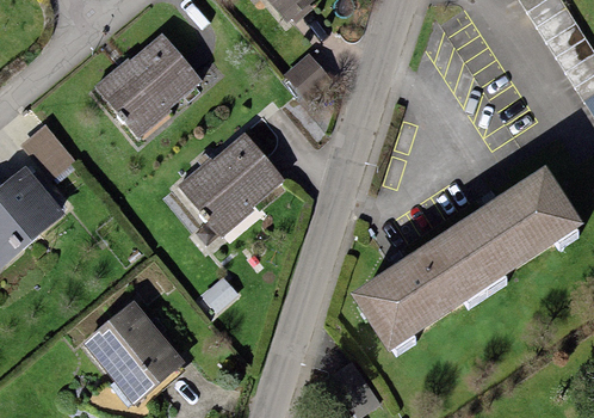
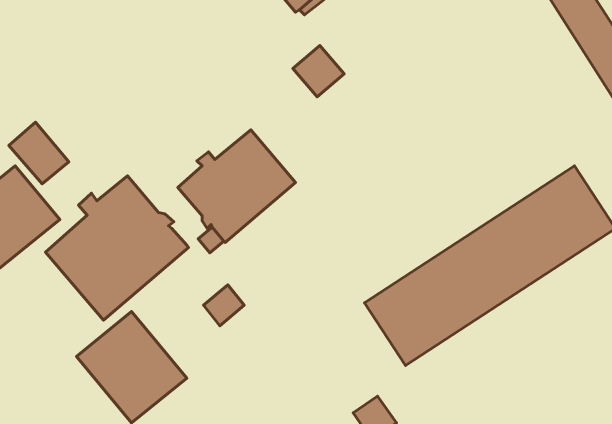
building: [95,32,203,135] -> none
building: none -> [45,176,188,320]

